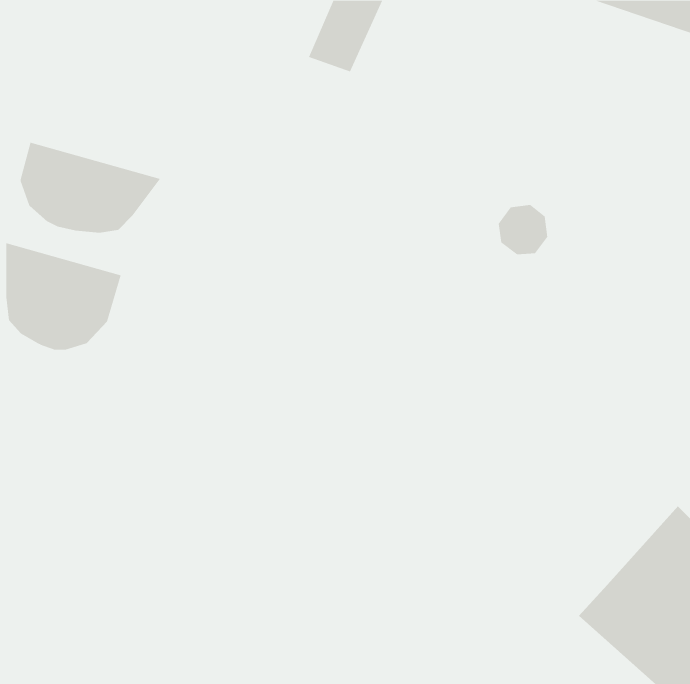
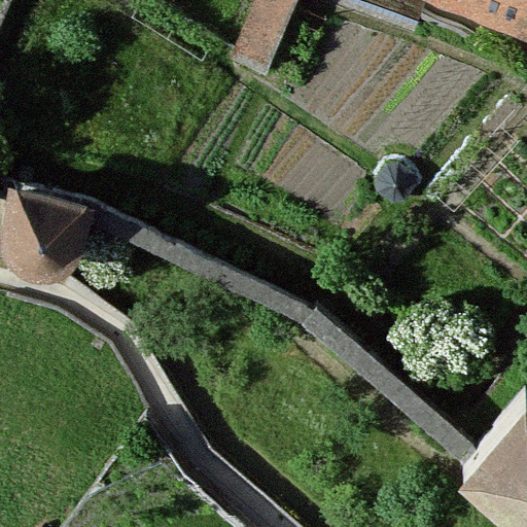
building: [20,142,161,234] -> none

